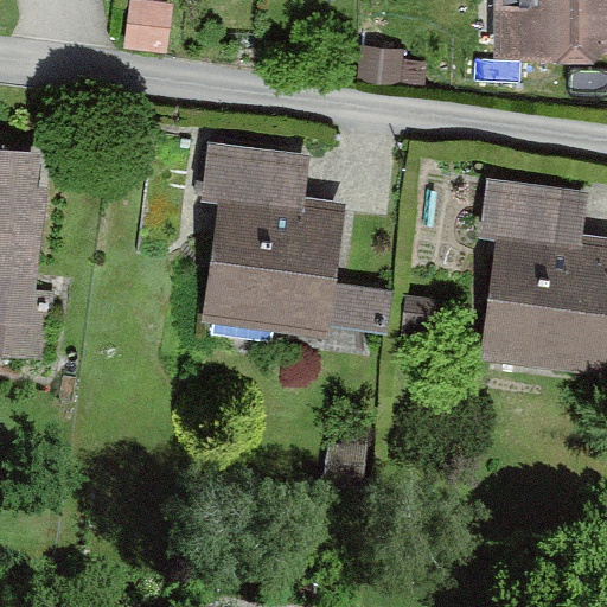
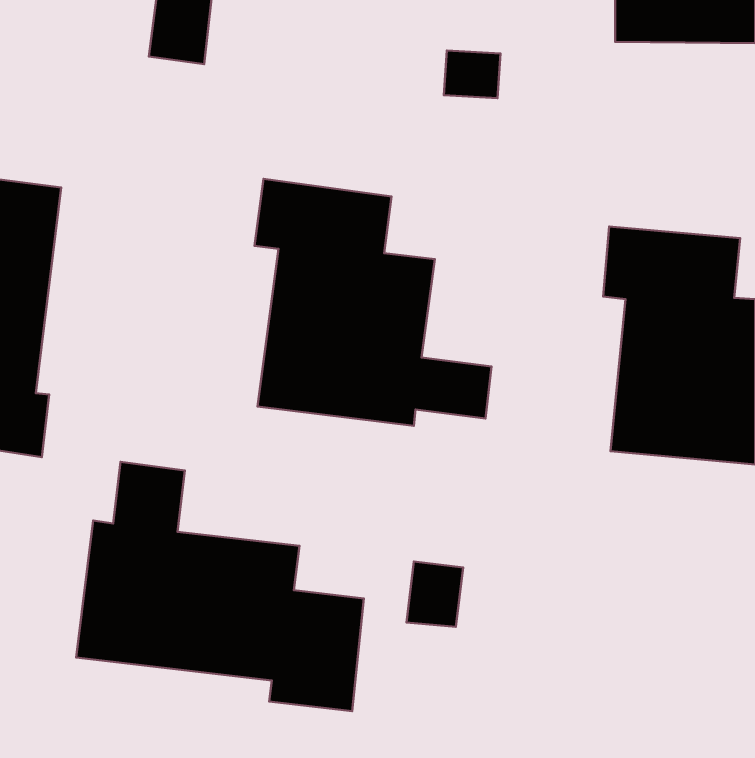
building: none -> [76,462,364,711]

